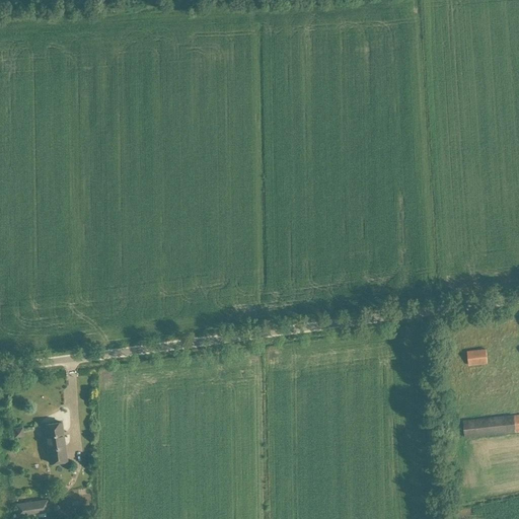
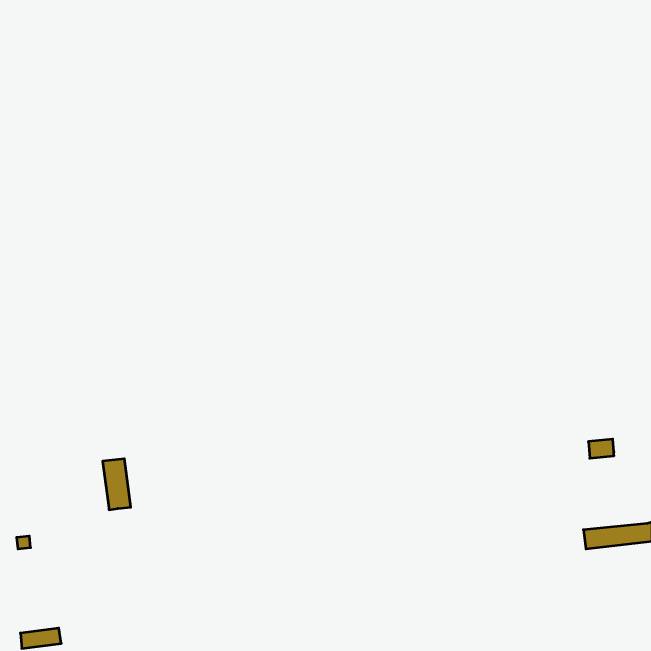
building: [46,423,68,463] -> [103,459,131,510]

